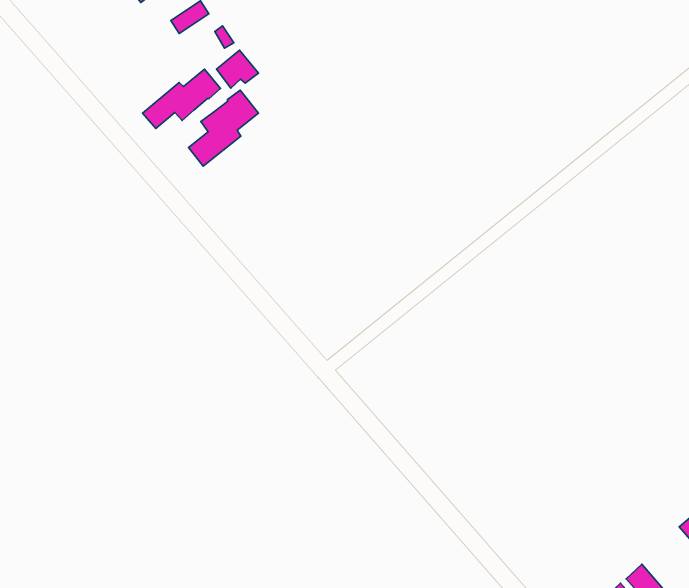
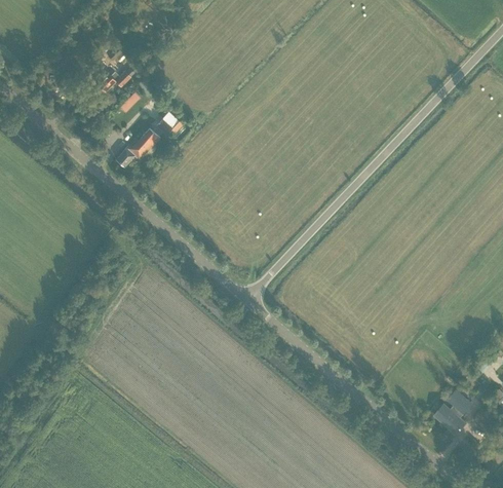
building: [189,90,258,166] -> none

